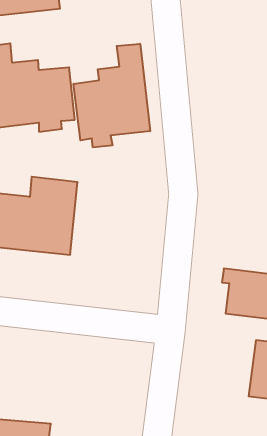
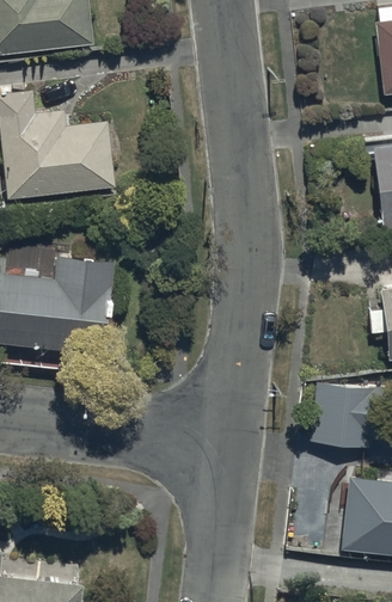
building: [74,44,150,147] -> none

